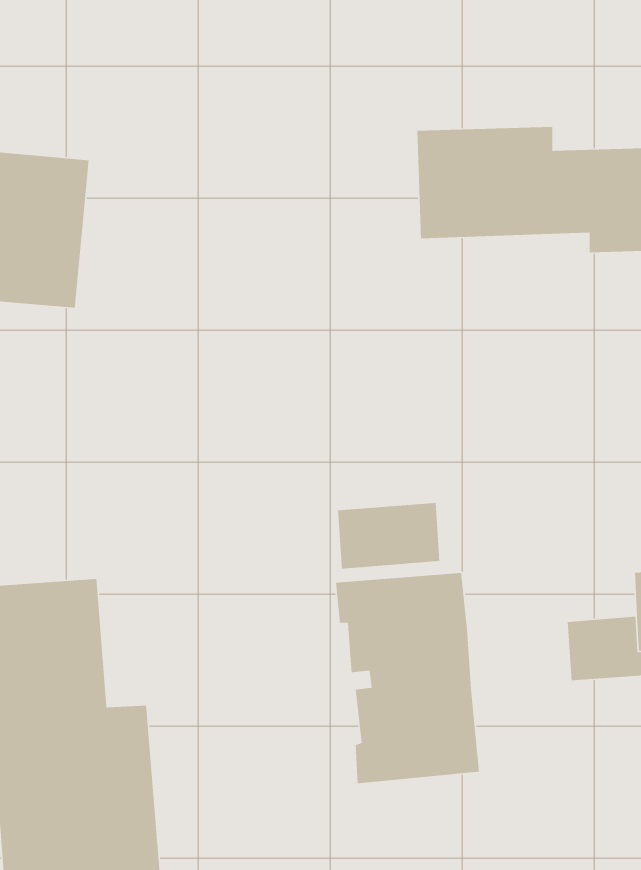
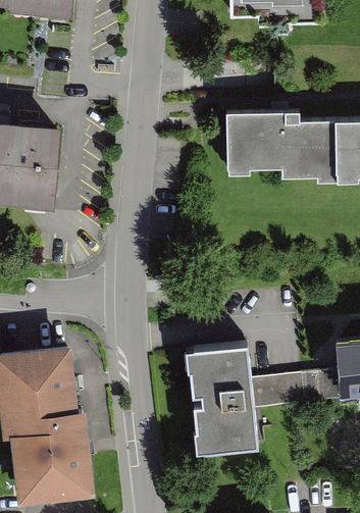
building: [337,502,440,569] -> [254,368,307,403]

